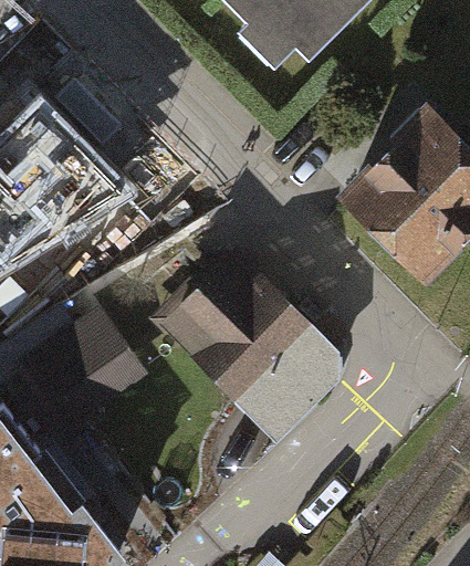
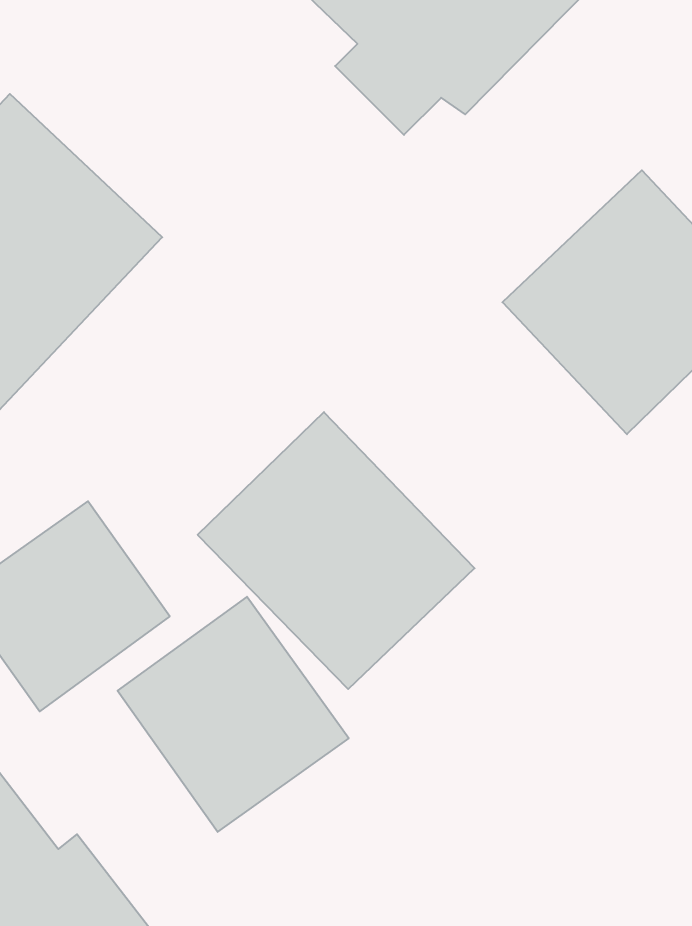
building: none -> [118,597,349,832]

